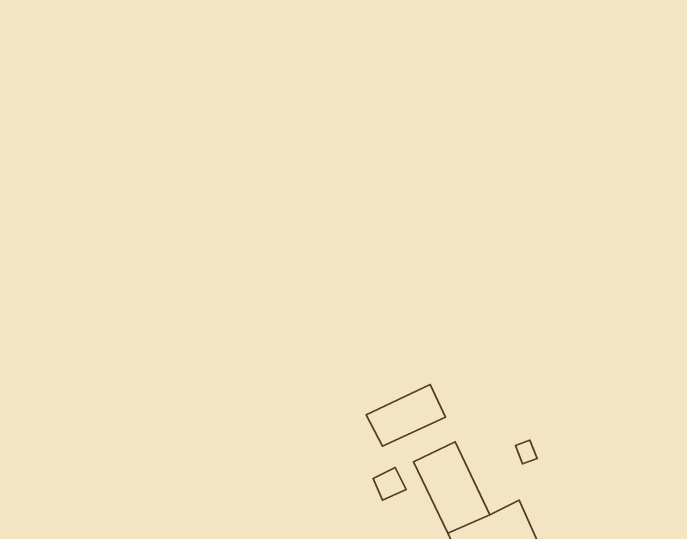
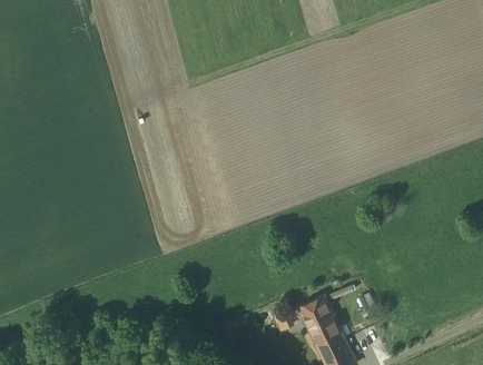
building: [366,384,445,446] -> none

